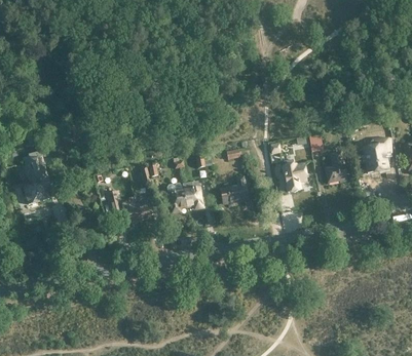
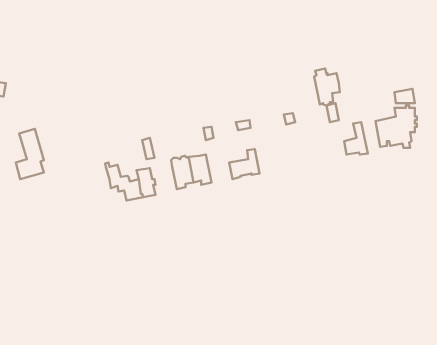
building: [283,158,306,192] -> [314,69,340,105]

